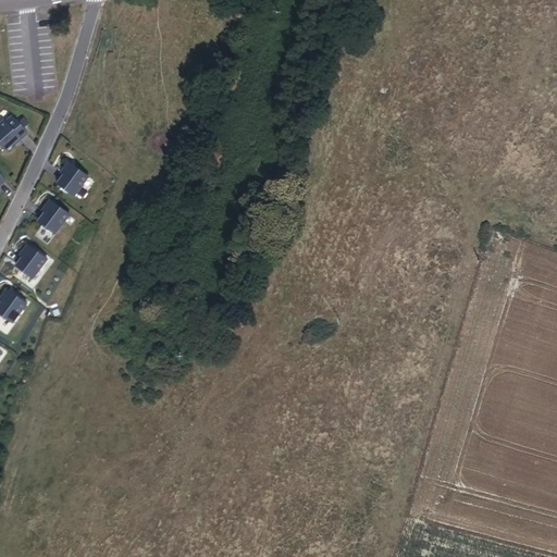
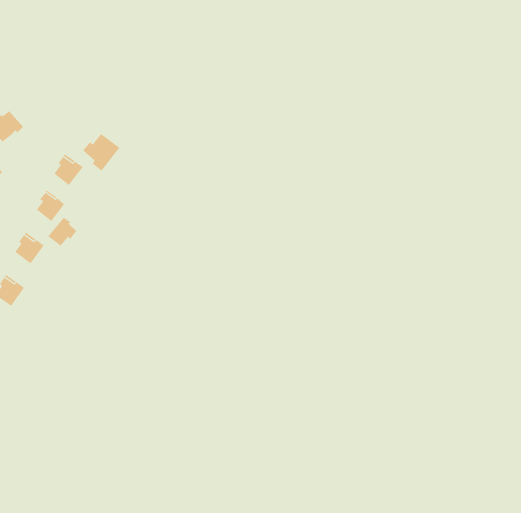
building: none -> [83,133,120,172]
building: none -> [48,217,77,247]

